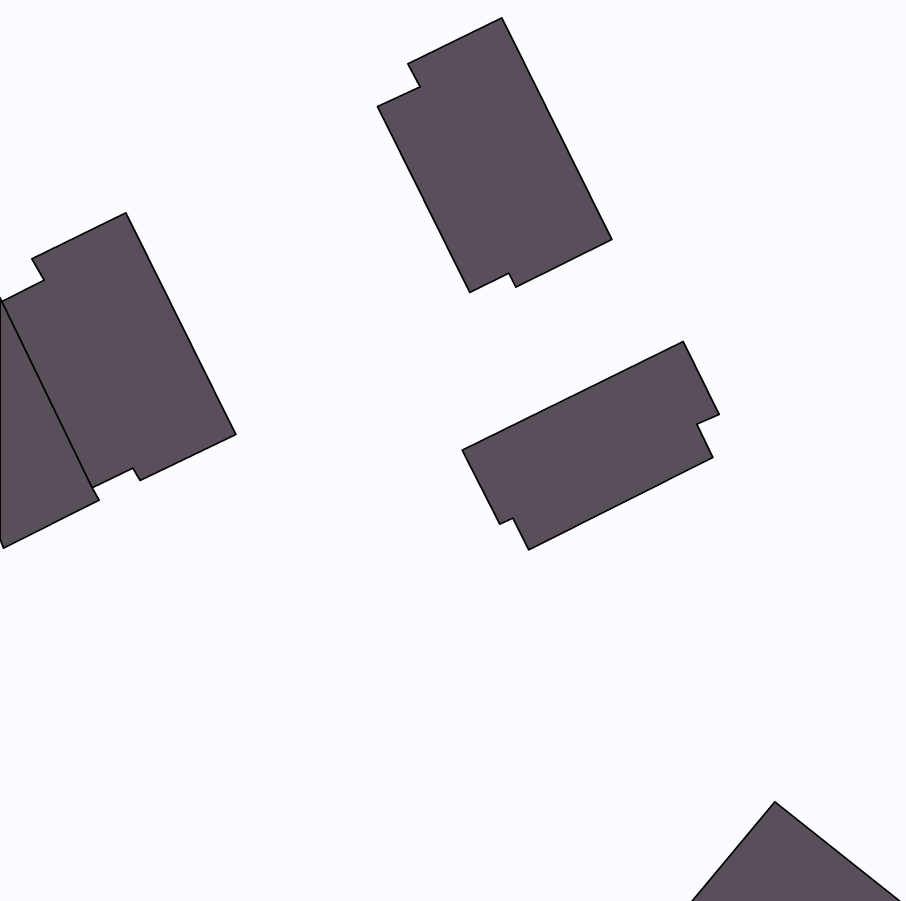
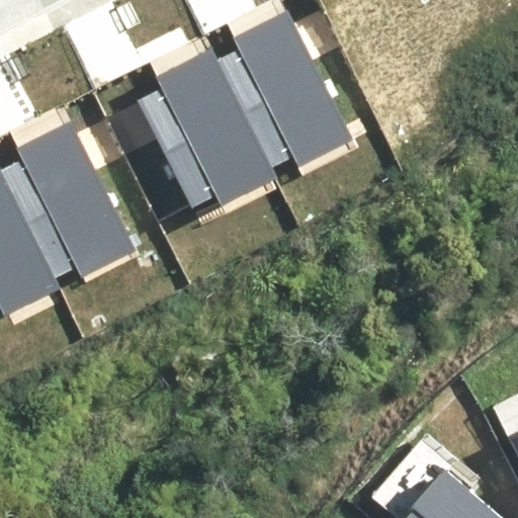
building: none -> [138,51,271,208]
building: [462,342,719,550] -> none

